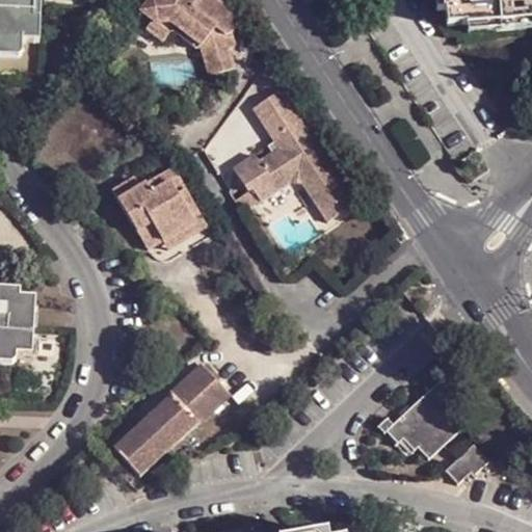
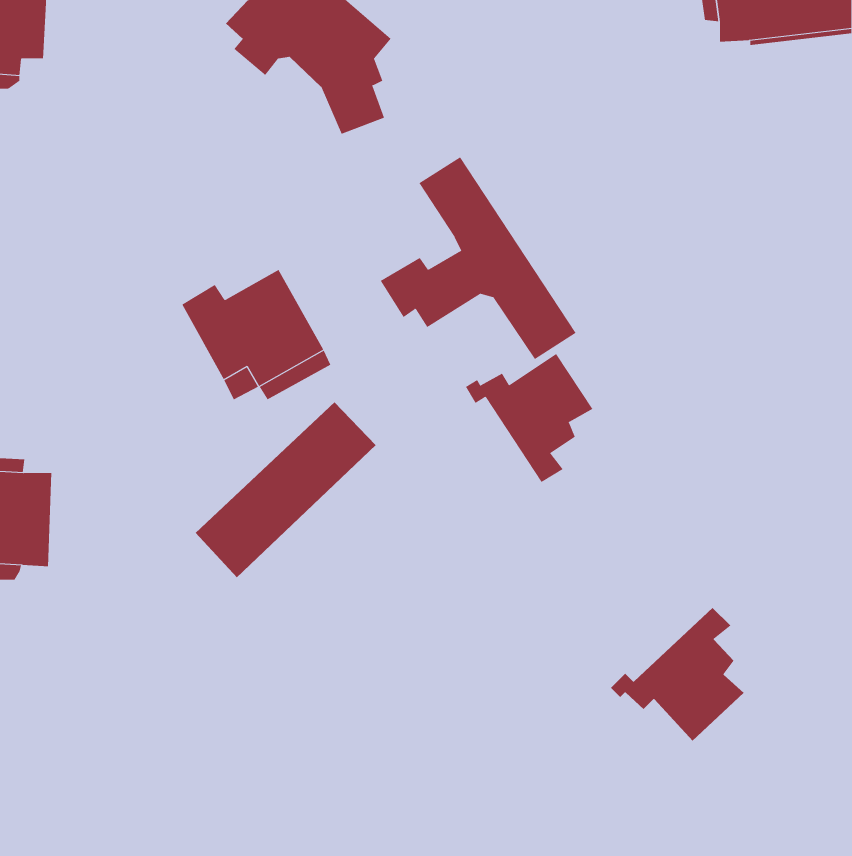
building: none -> [465,353,593,483]
building: [112,364,224,473] -> [195,402,376,578]
building: [442,445,488,486] -> none

